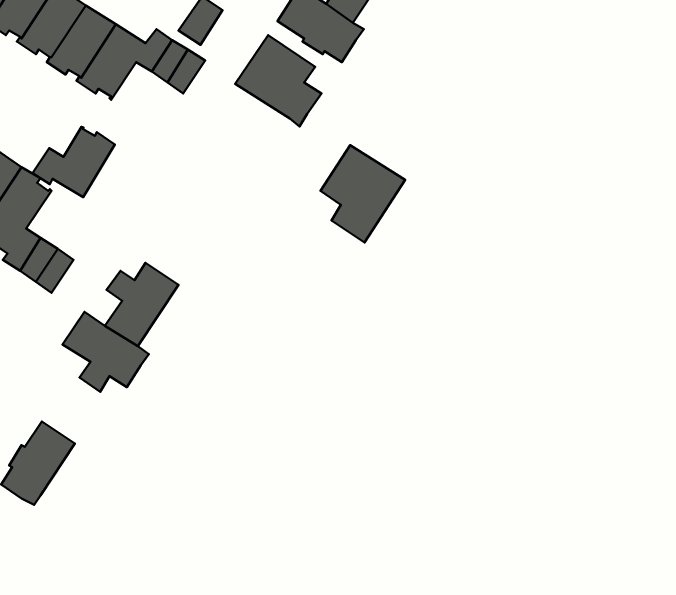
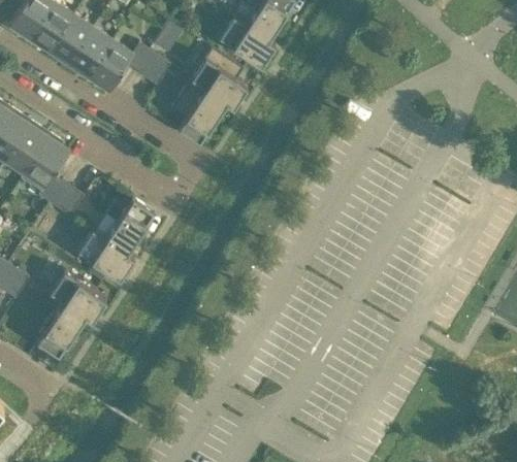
building: [33,127,115,197] -> none
building: [321,145,405,243] -> [171,79,227,143]
building: none -> [50,270,106,320]

